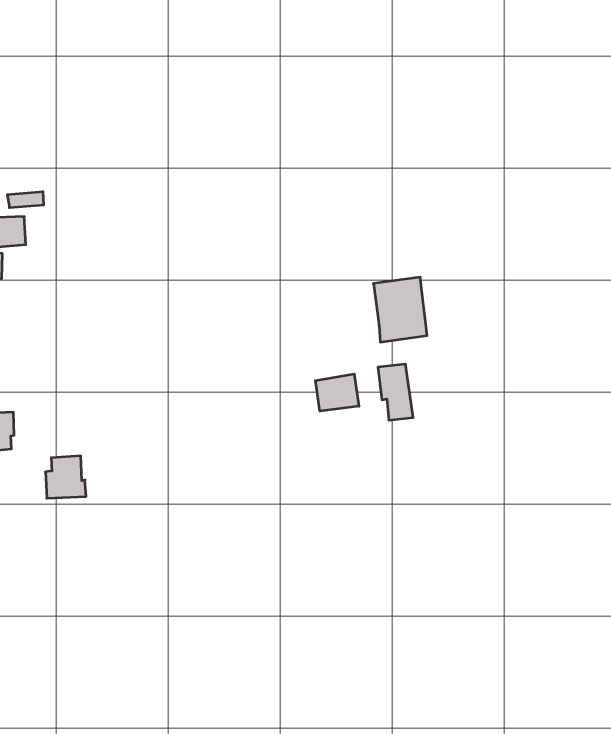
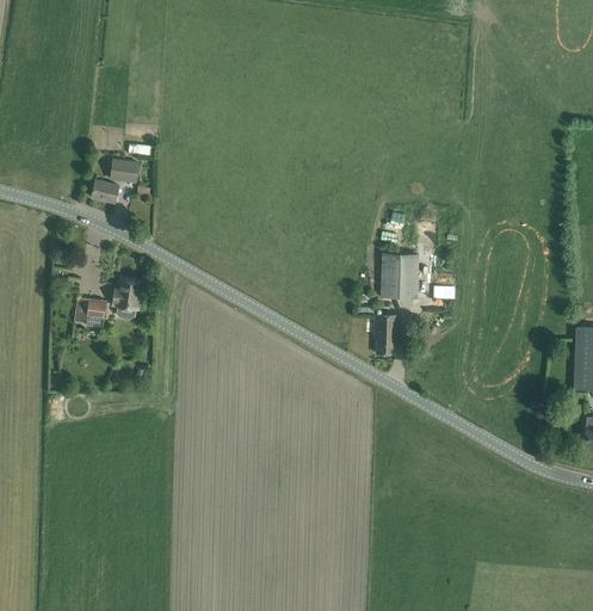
building: [315,374,359,411] -> none
building: [45,456,86,498] -> [111,279,141,311]

